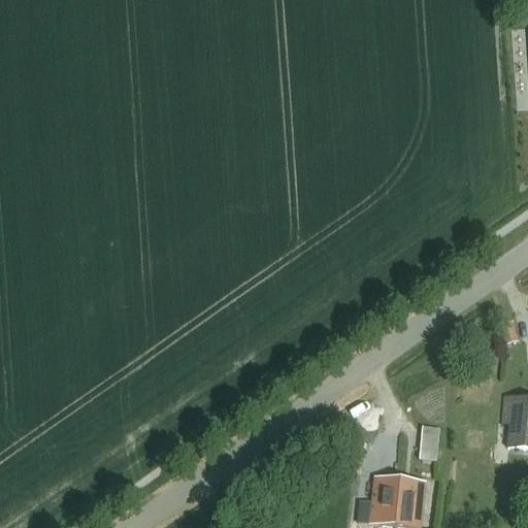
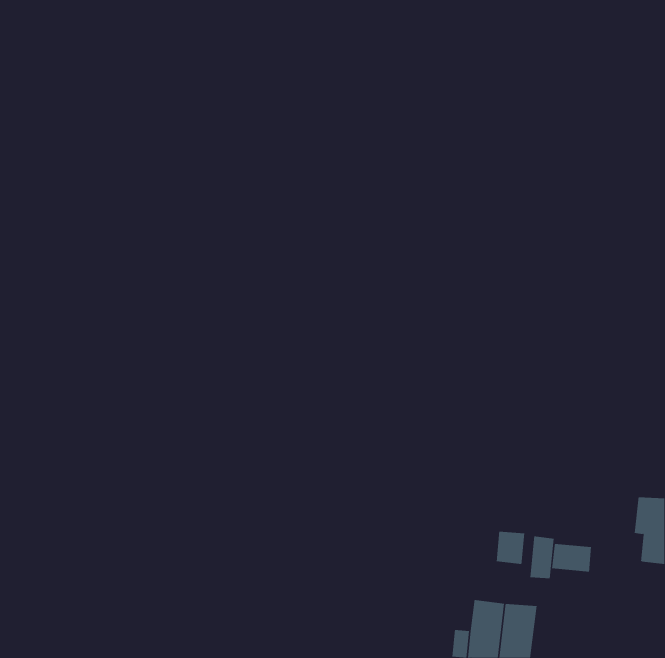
building: none -> [496,531,525,565]
building: none -> [551,543,591,572]

